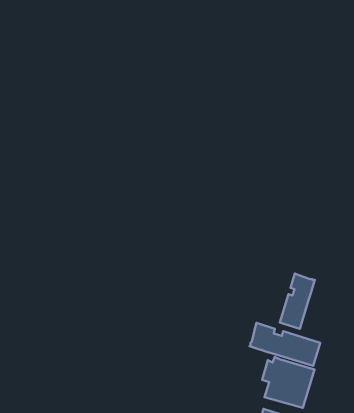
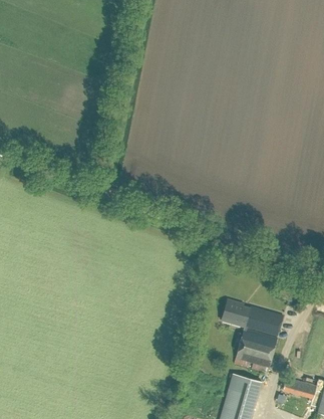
building: [280,274,315,329] -> none

